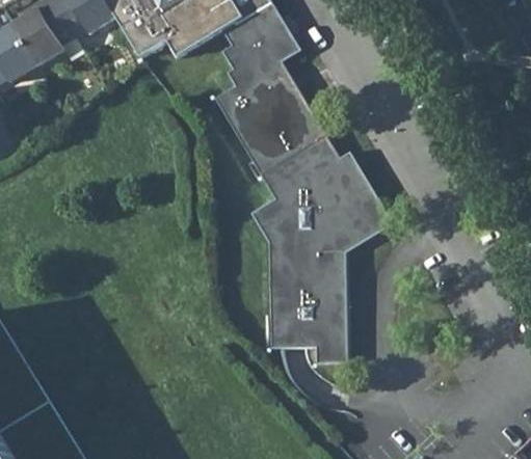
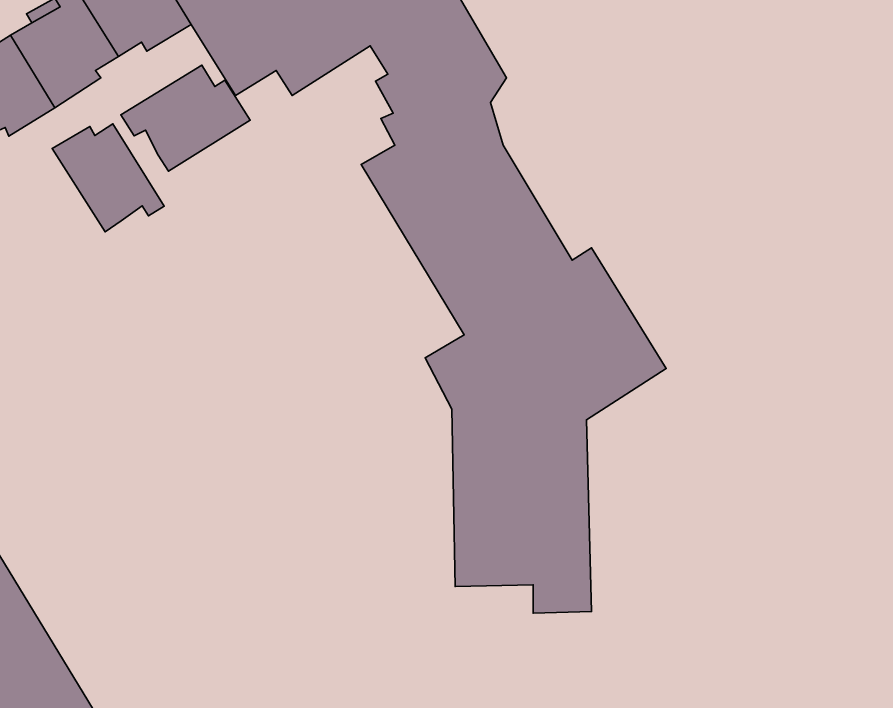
building: none -> [121,65,250,171]
building: none -> [52,124,164,232]

